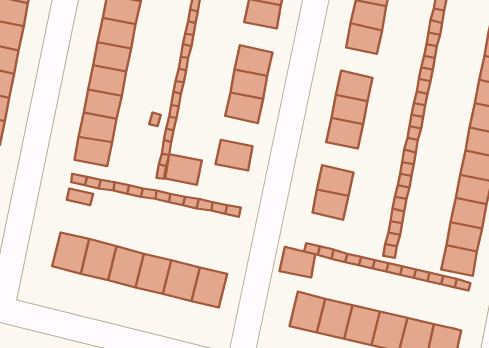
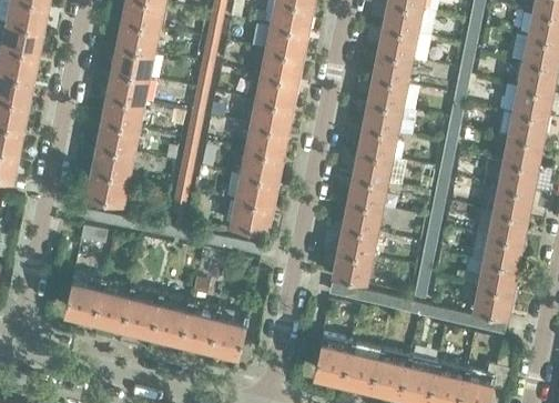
building: none -> [262,53,301,85]
building: none -> [368,80,406,112]
building: none -> [242,152,281,184]
building: none -> [348,180,386,212]
building: [165,154,202,185] -> [232,203,271,235]
building: [279,247,315,277] -> [333,254,370,286]

